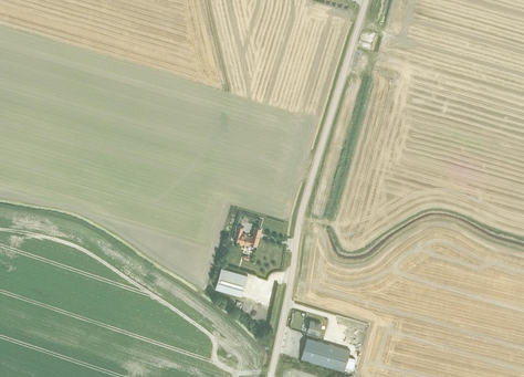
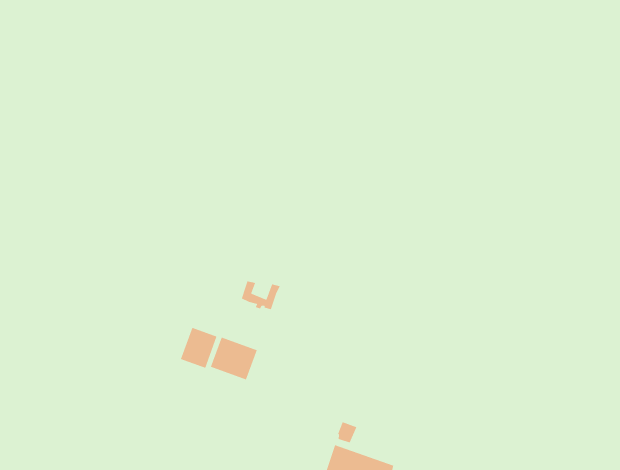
building: none -> [180,327,218,369]

